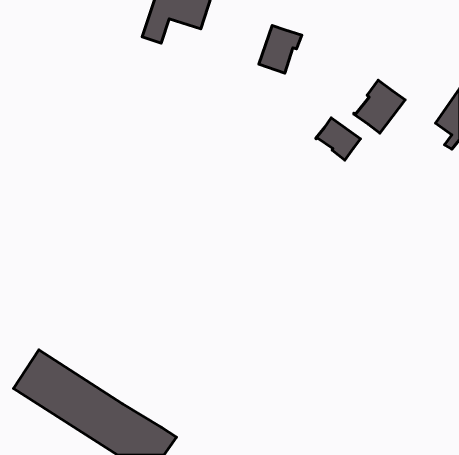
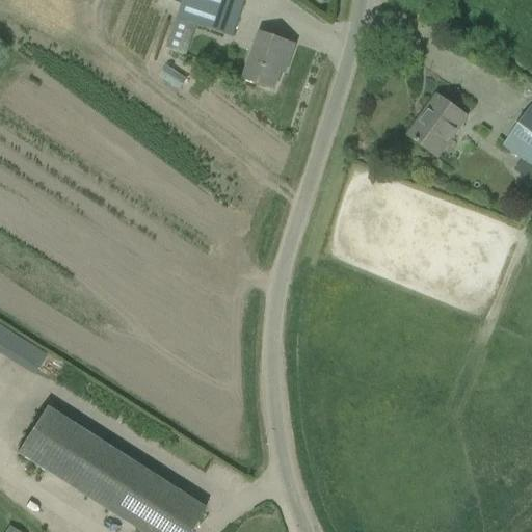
building: [259,25,302,73] -> [244,30,294,85]
building: [316,118,361,160] -> none

